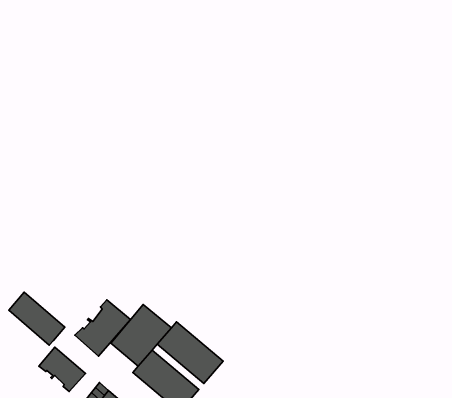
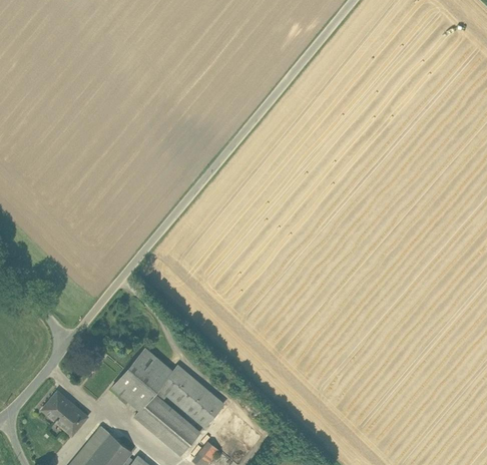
building: [9,292,65,345] -> none
building: [75,300,130,356] -> none

